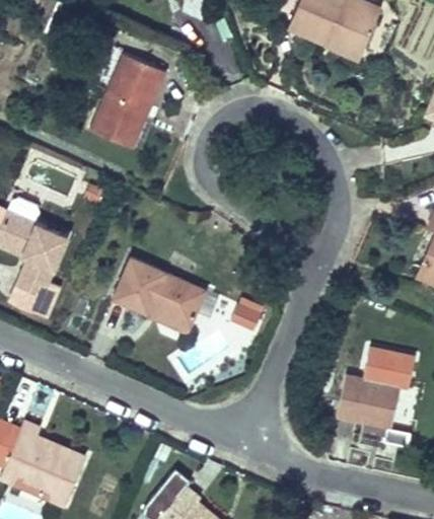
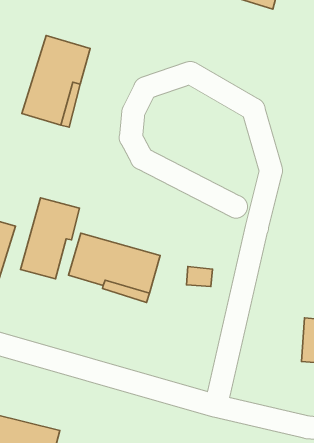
building: none -> [21,198,80,279]

